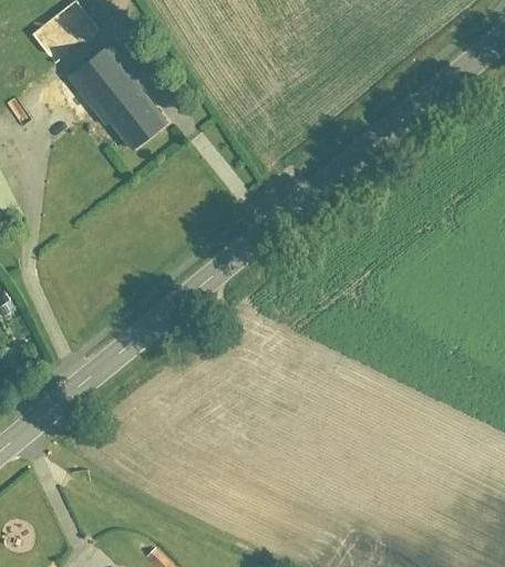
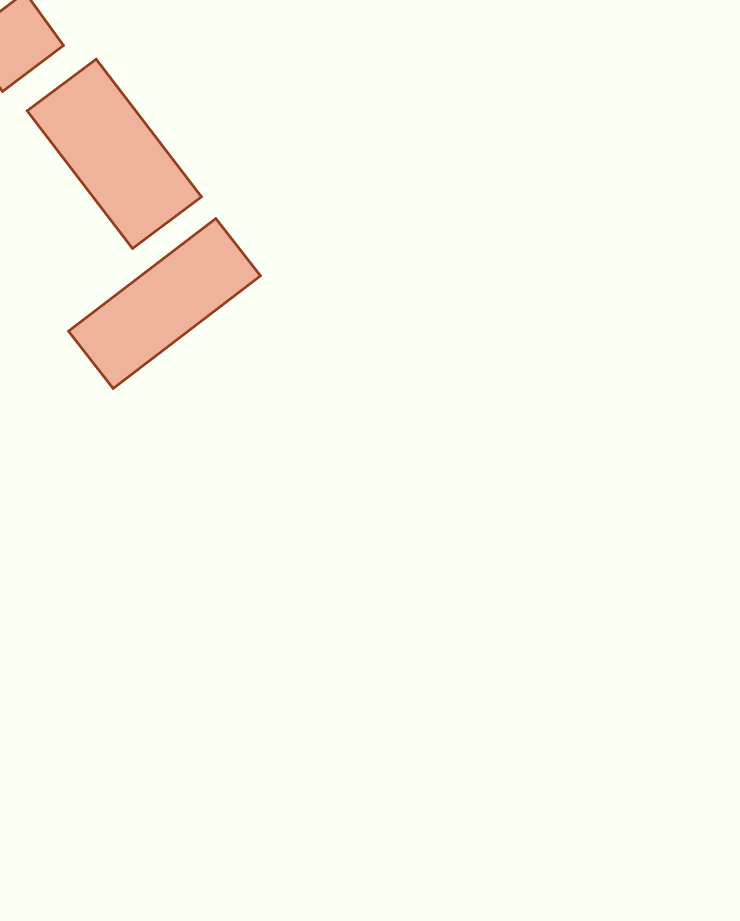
building: none -> [68,219,261,388]

